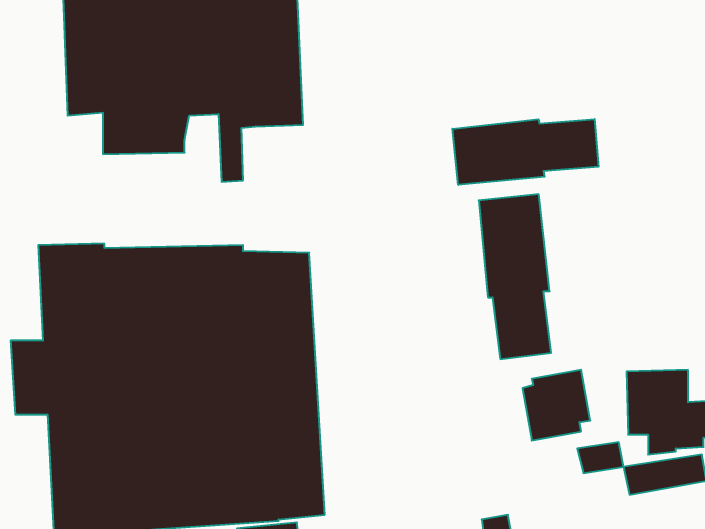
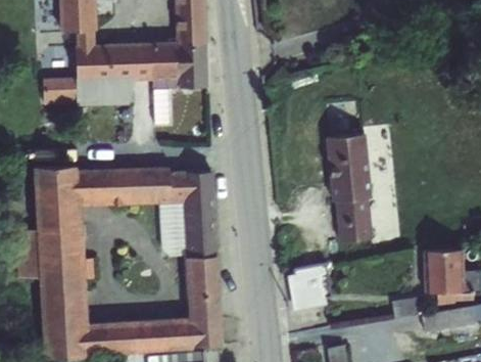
building: [452,119,599,185] -> none
building: [523,370,590,441] -> [288,265,333,312]

